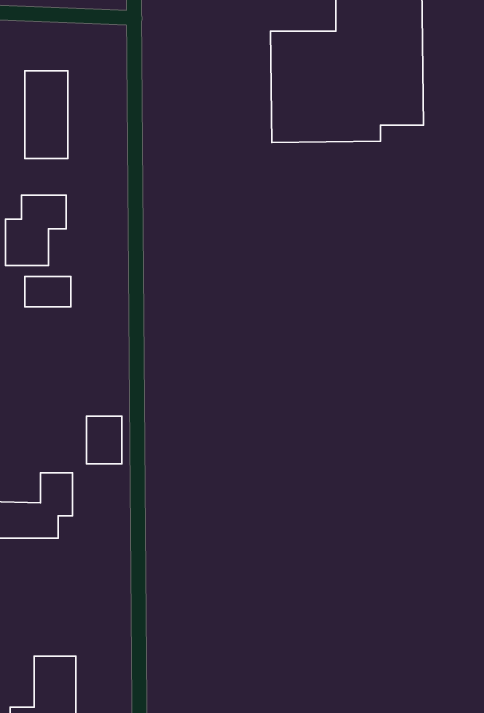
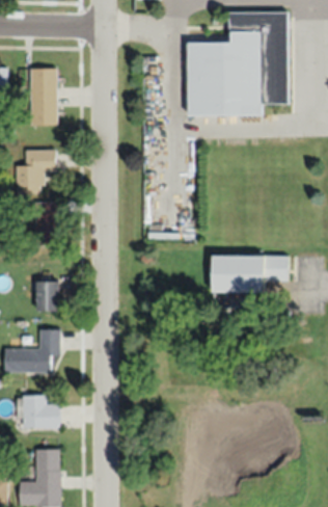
building: none -> [213,257,288,293]
building: [87,416,122,464] -> [36,281,59,312]
building: none -> [18,395,59,429]

